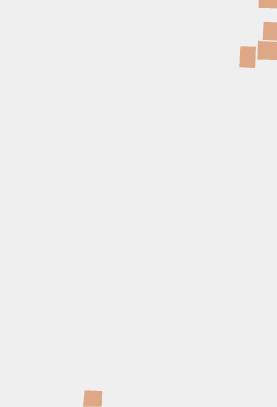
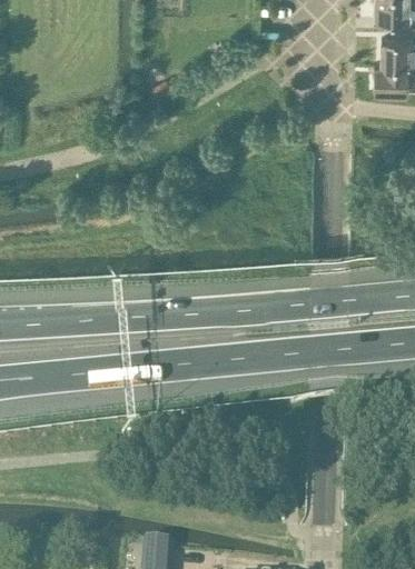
building: [238,46,257,69] -> none

